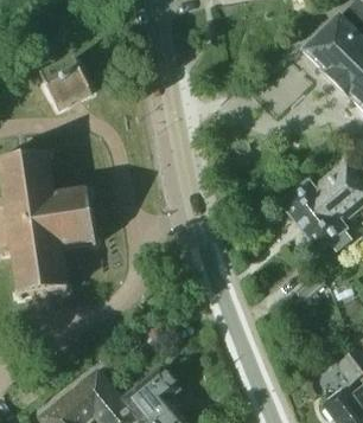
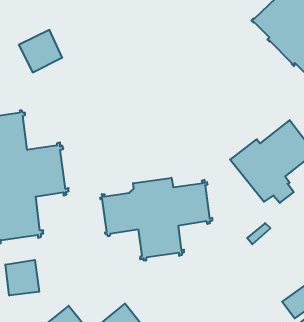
building: none -> [100,178,212,261]
building: none -> [5,260,39,296]

